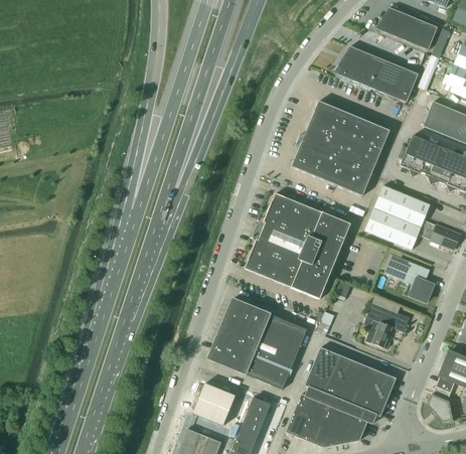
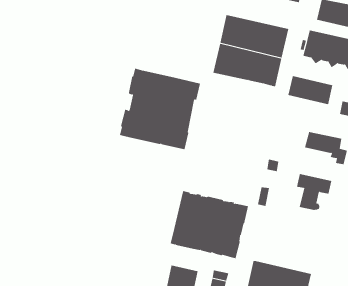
building: [245,192,350,298] -> [119,68,201,150]
building: [364,207,421,249] -> none
building: [305,346,396,424] -> none

